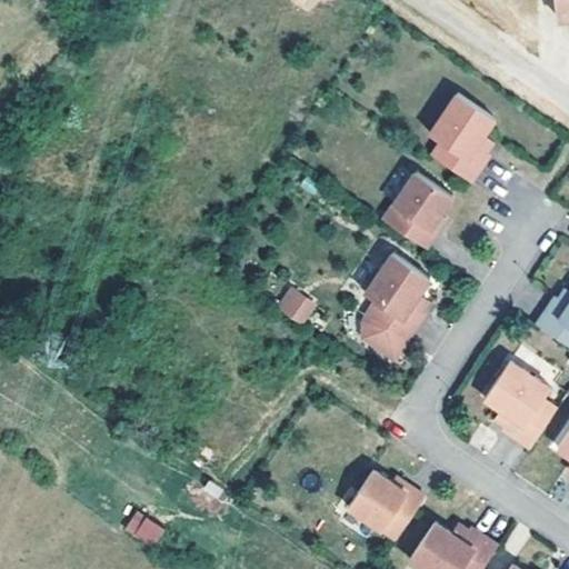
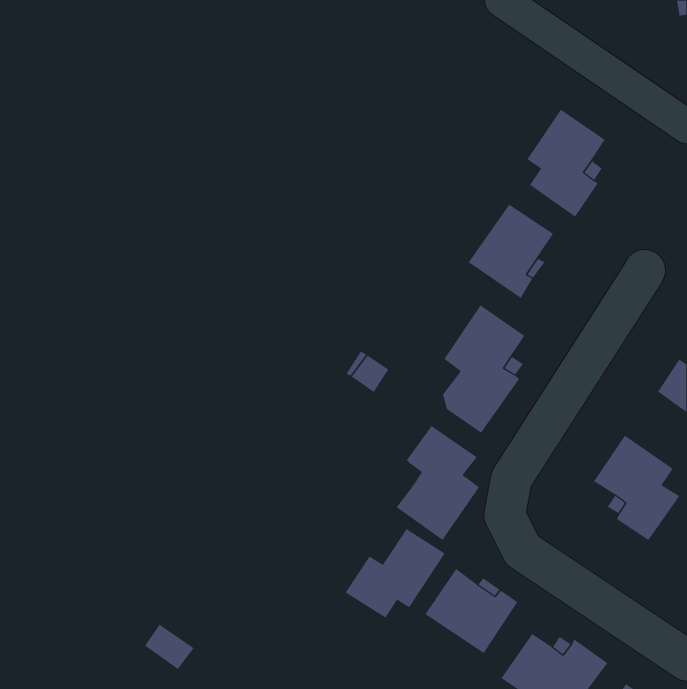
building: none -> [396,425,480,541]
building: none -> [345,528,446,618]

